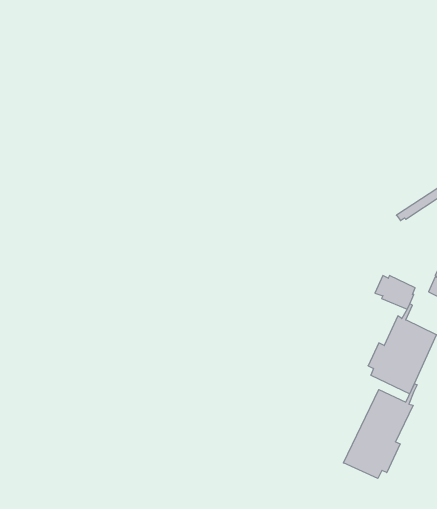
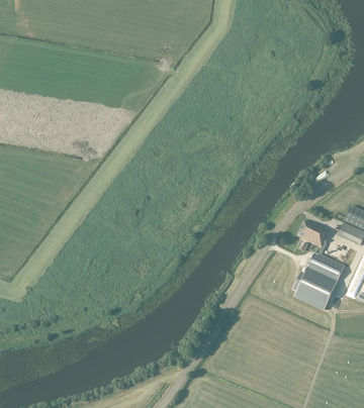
building: [343,384,417,478] -> none

